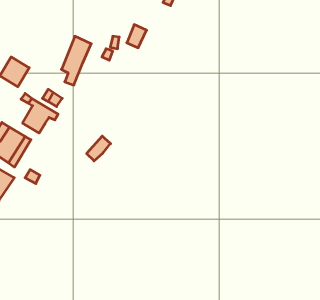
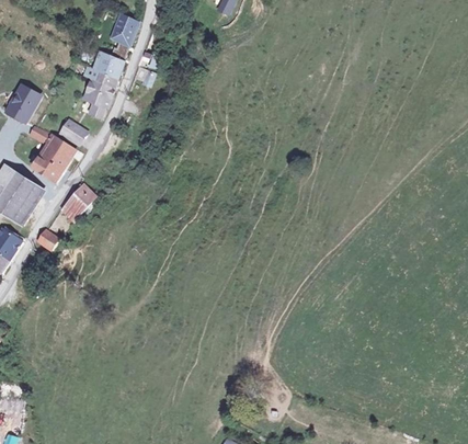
building: [127,25,147,48] -> [111,16,137,47]
building: [87,136,111,161] -> [61,186,93,219]

